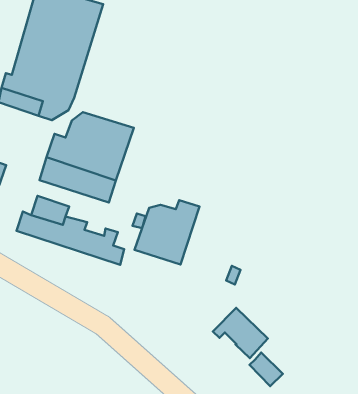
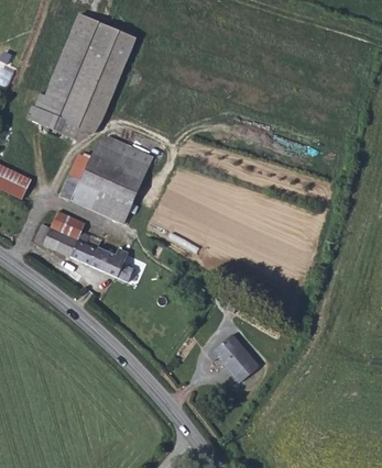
building: [134,200,200,265] -> none
building: [249,353,283,386] -> none

